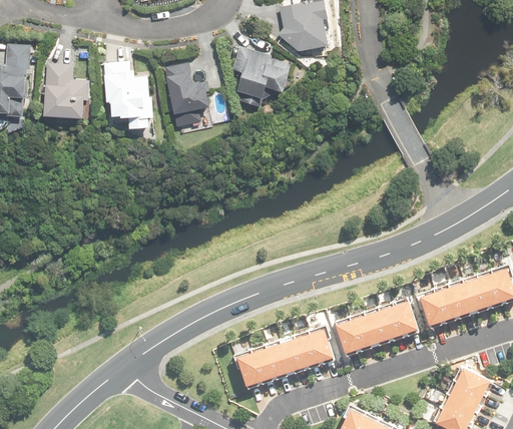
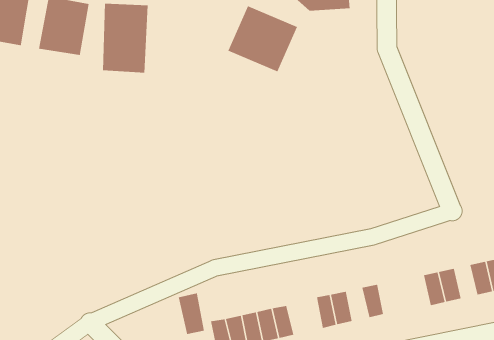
building: [168,65,208,129] -> none
building: [462,277,486,310] -> none
building: [419,292,443,325] -> none
building: [391,301,415,333] -> none
building: [362,310,386,343] -> none
building: [307,329,332,362] -> none
building: none -> [178,293,205,335]

